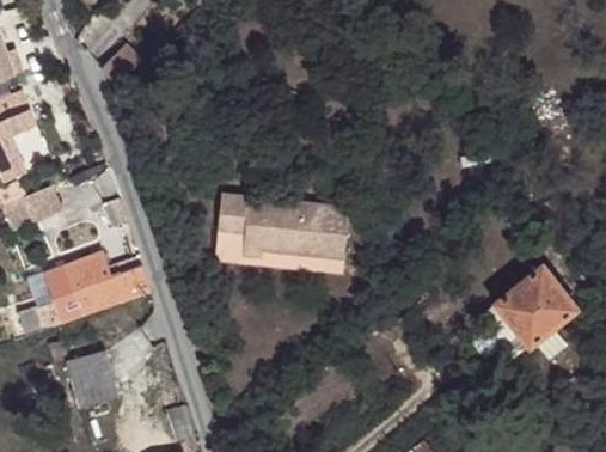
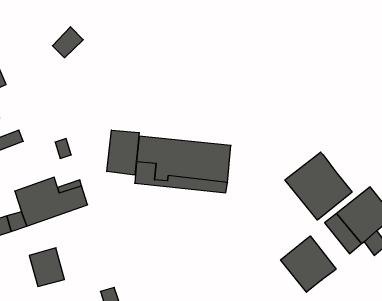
building: none -> [107,130,139,175]
building: none -> [285,152,352,220]
building: none -> [281,236,336,292]

